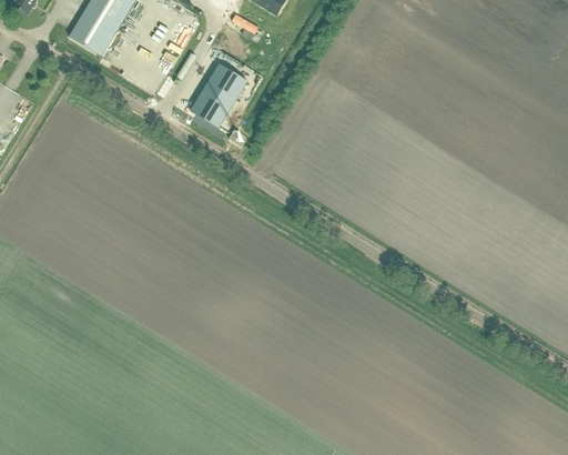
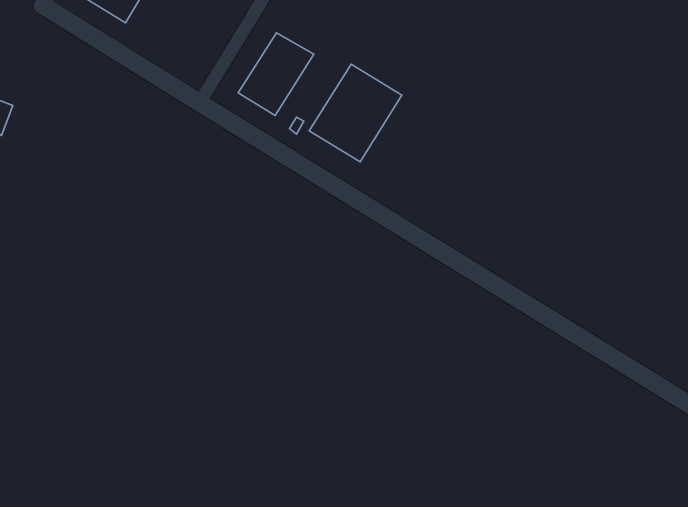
building: none -> [309,64,402,162]

